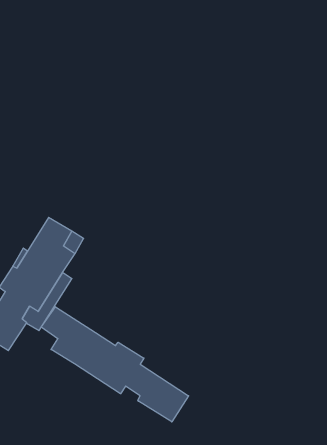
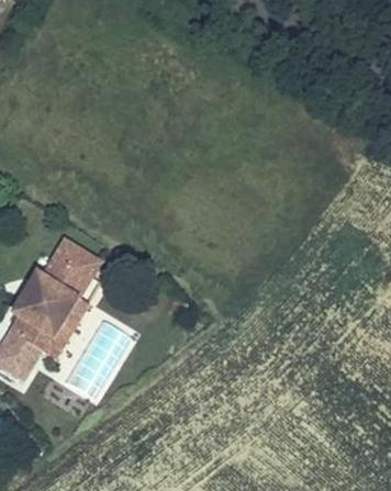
building: [41,307,189,422] -> none

